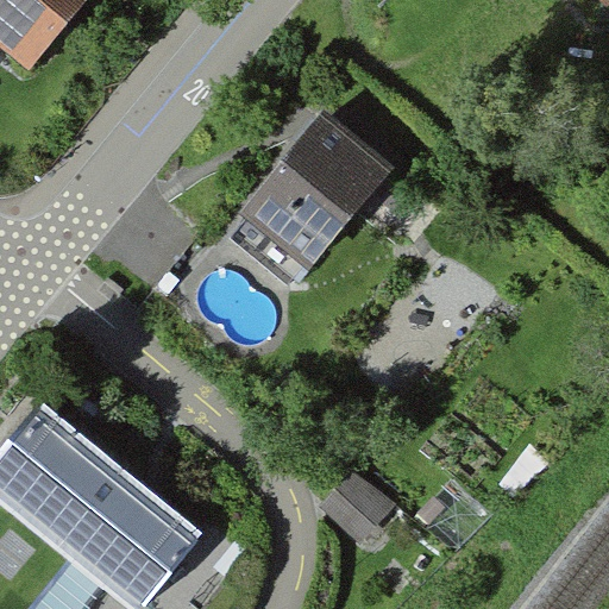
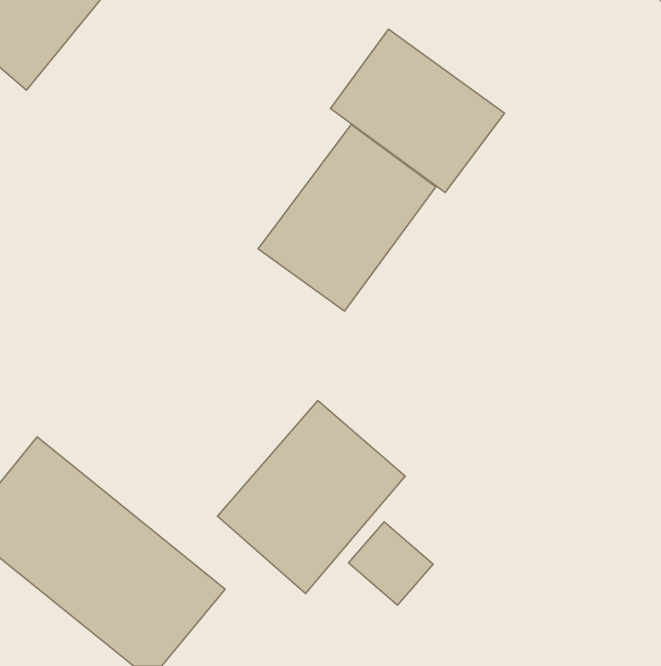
building: none -> [330,29,504,192]
building: none -> [218,401,405,593]

